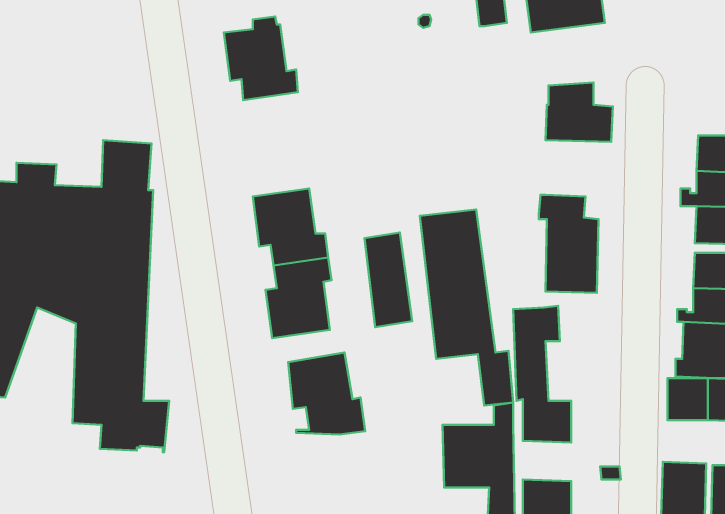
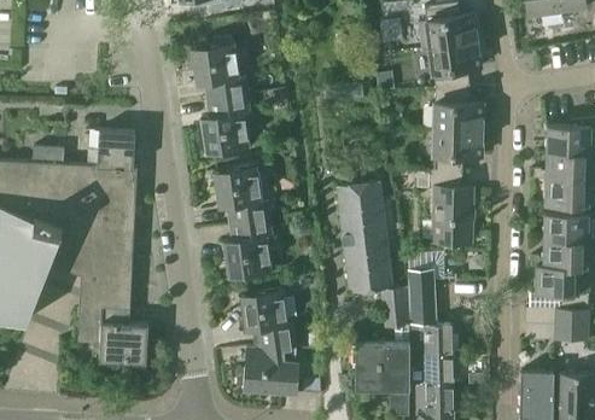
building: none -> [421,42,480,89]
building: none -> [200,94,250,154]
building: none -> [432,130,482,173]
building: [364,232,412,327] -> none
building: none -> [237,349,298,395]
building: none -> [415,356,451,386]

